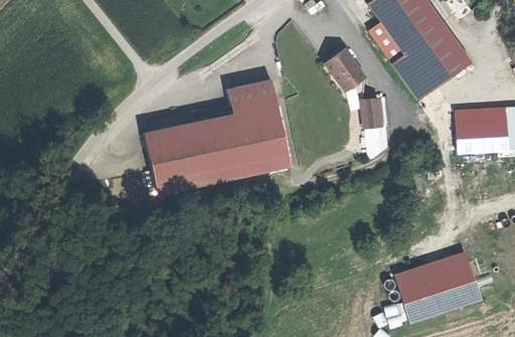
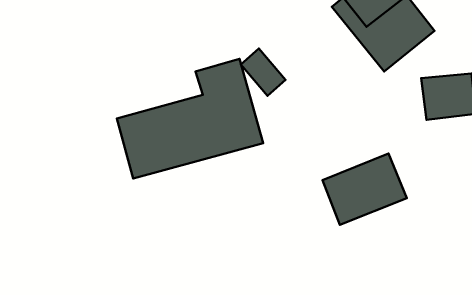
building: [320,43,364,92] -> [241,48,285,96]
building: [362,99,381,128] -> none
building: [399,252,484,322] -> [323,154,407,225]

